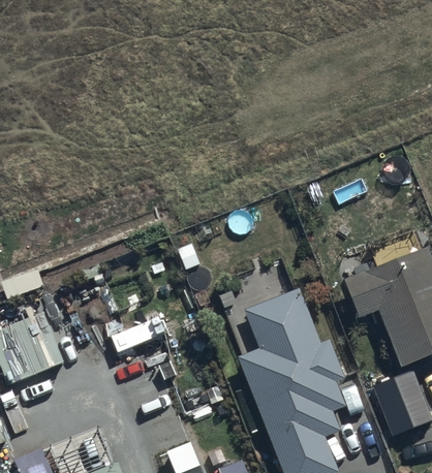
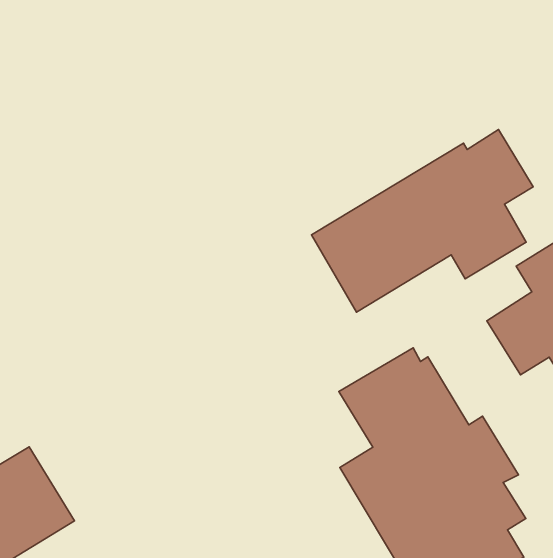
building: none -> [312,129,533,312]

